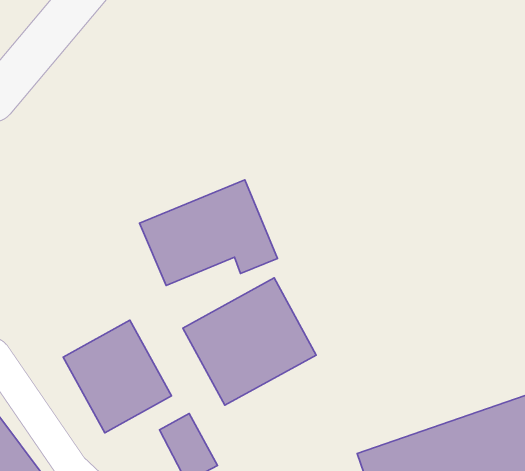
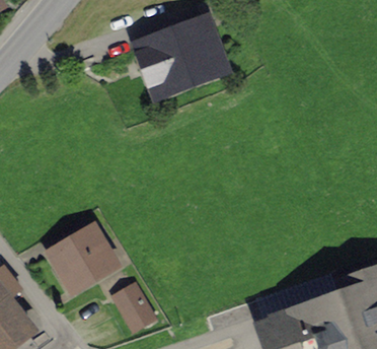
building: [139,180,278,285] -> [139,15,233,87]
building: [183,278,316,405] -> none

